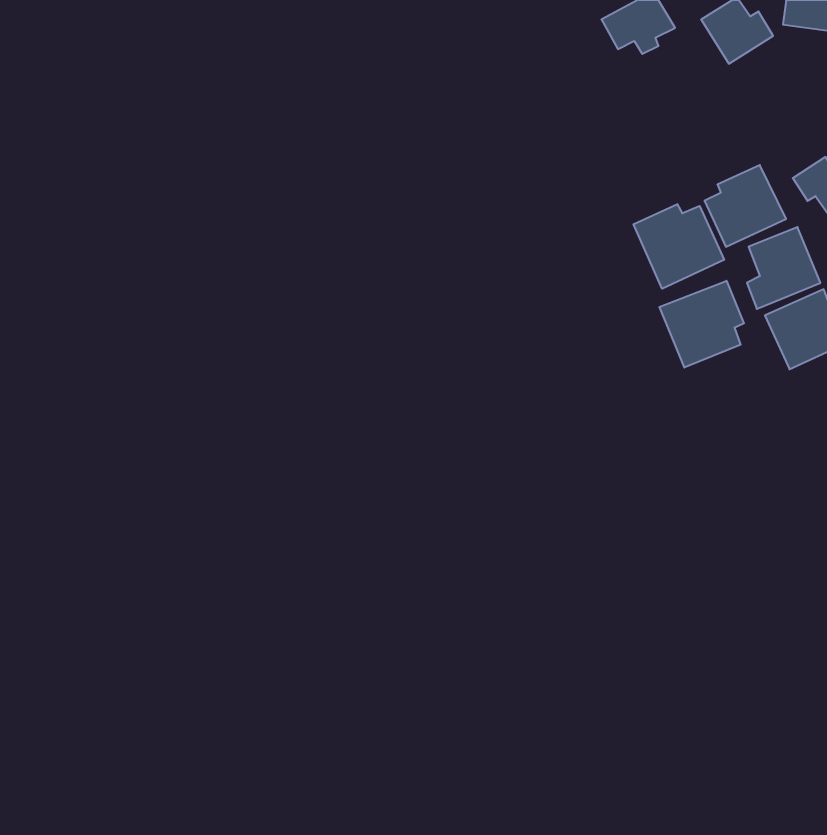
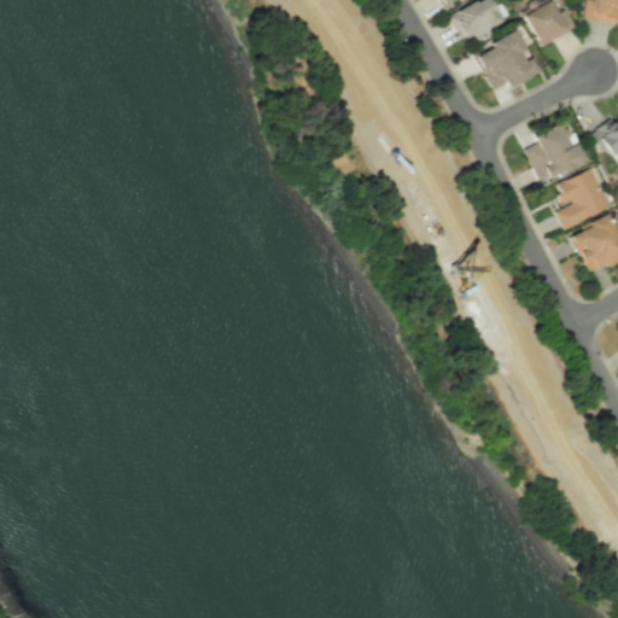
building: none -> [474,30,540,92]
building: [634,204,724,289] -> none
building: [659,281,744,368] -> none

